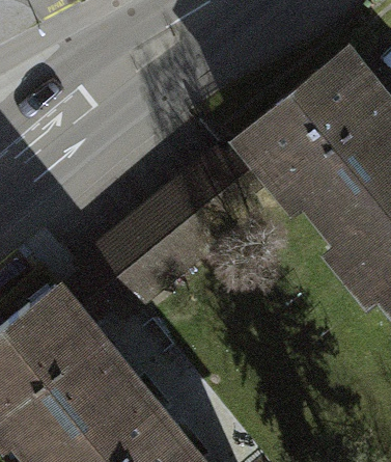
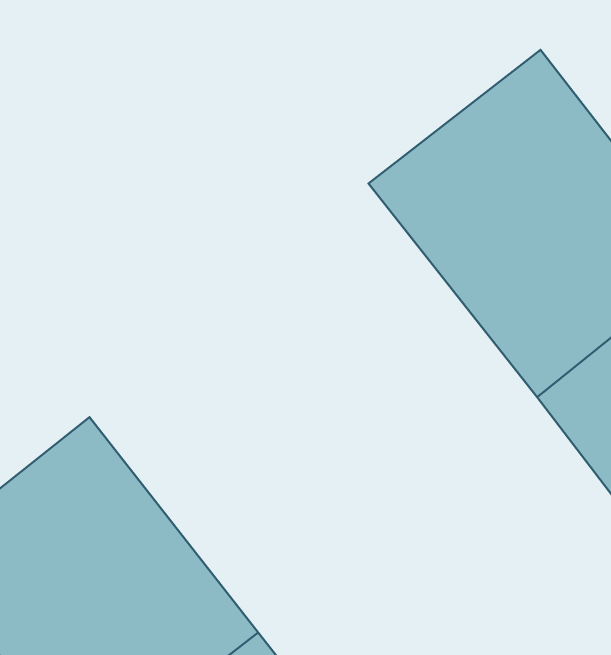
building: [82,139,266,307] -> none

